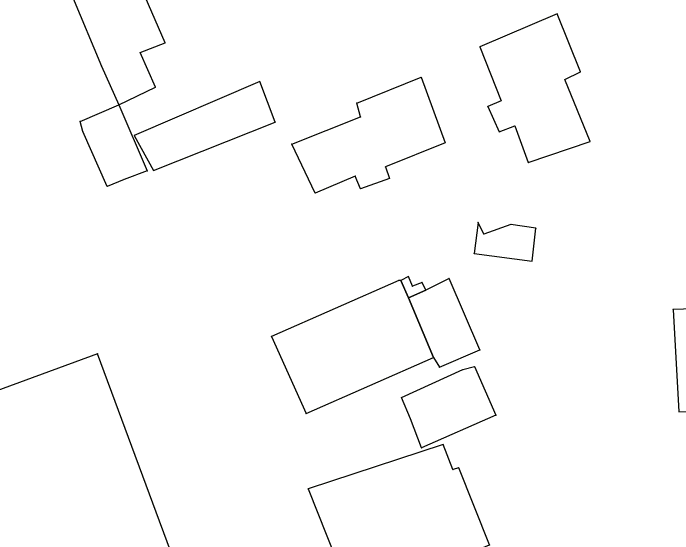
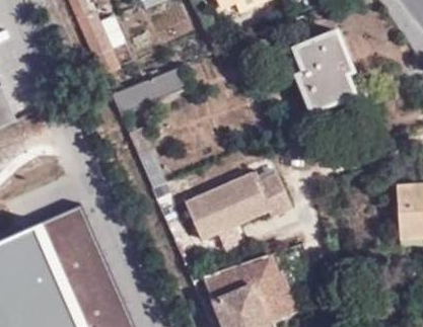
building: [292,77,445,193] -> none
building: [80,105,147,186] -> none
building: [401,367,496,448] -> none

